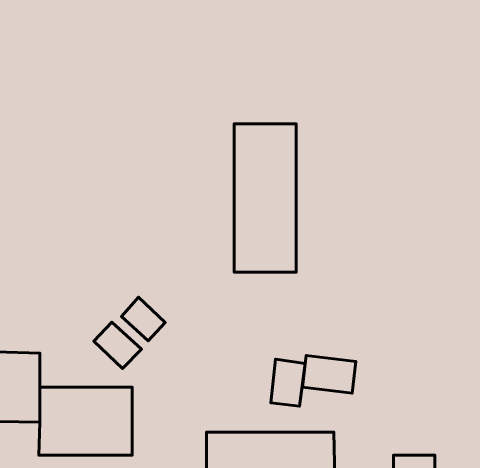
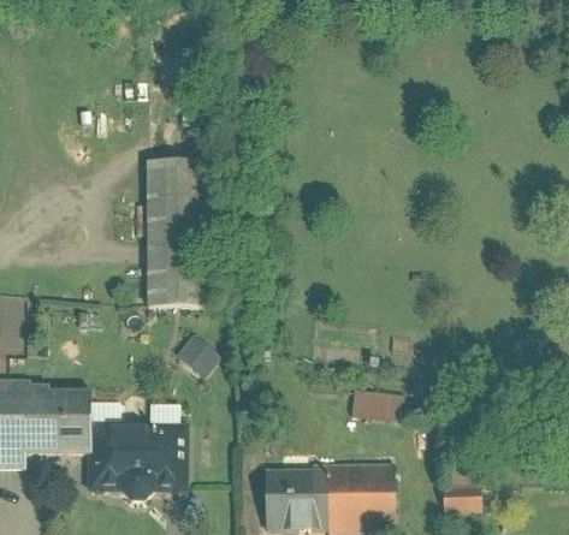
building: [234,124,296,272] -> [146,156,207,303]
building: [94,322,141,368] -> none
building: [271,359,305,406] -> none

